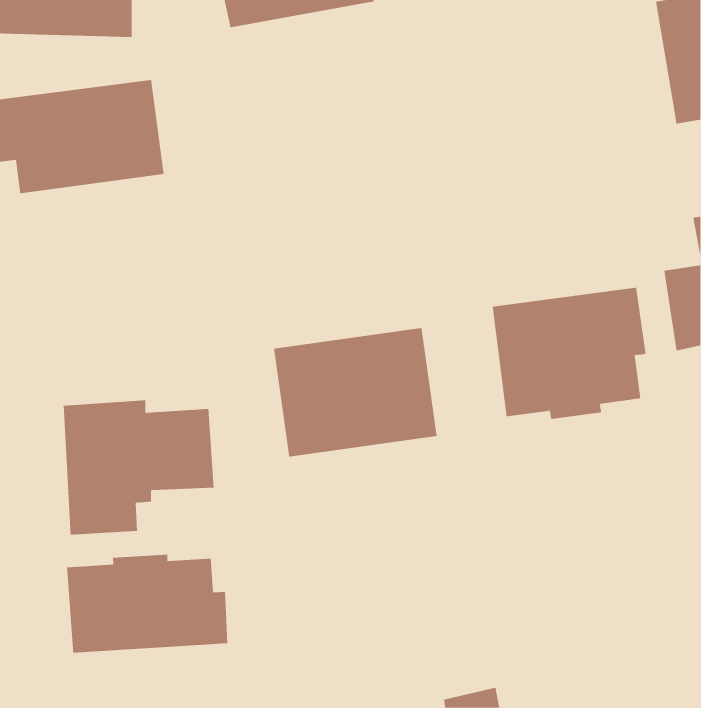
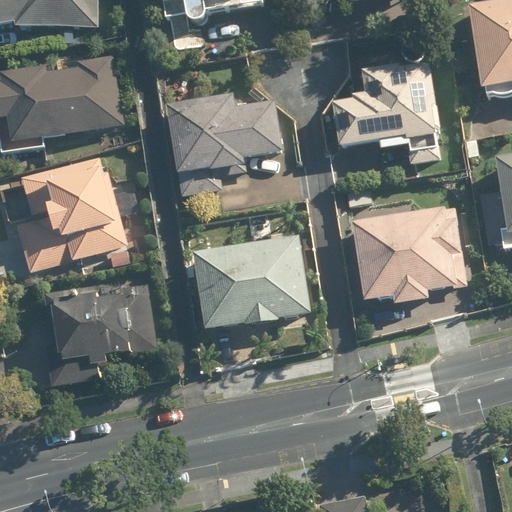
building: none -> [336,59,443,165]
building: none -> [170,93,285,174]
building: none -> [10,152,126,276]
building: [67,554,228,653] -> none

